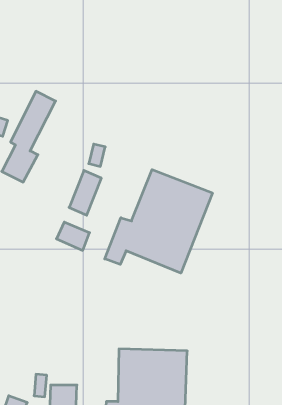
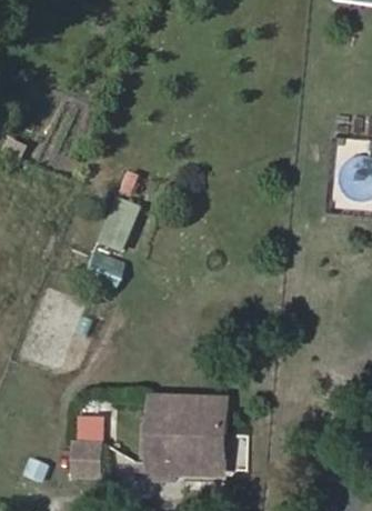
building: [105,170,212,273] -> none

